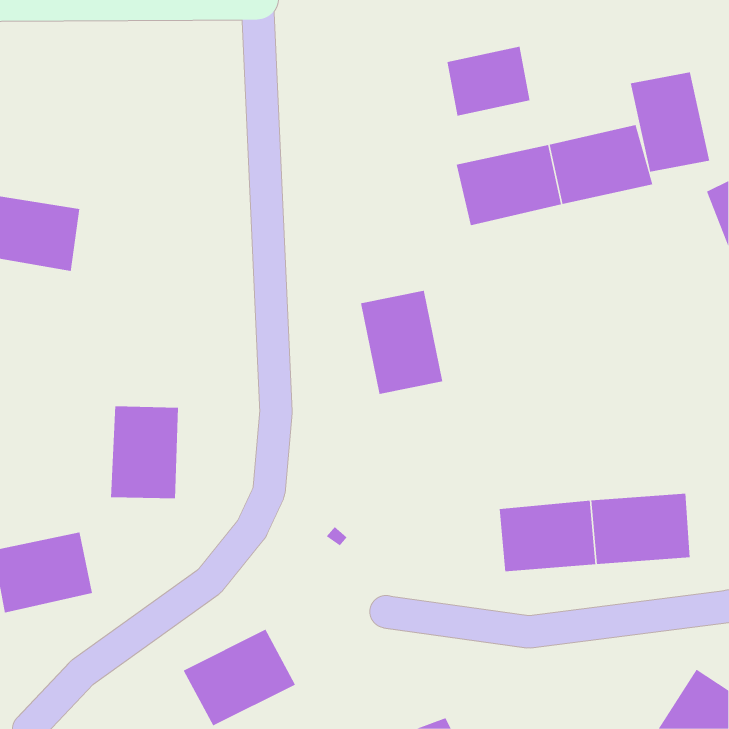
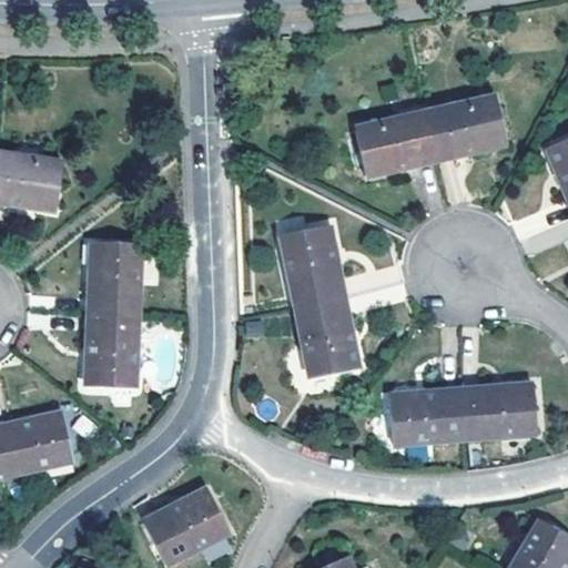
building: [447,46,530,117] -> none
building: [630,72,710,172] -> none
building: none -> [89,242,141,316]
building: none -> [294,296,358,376]

